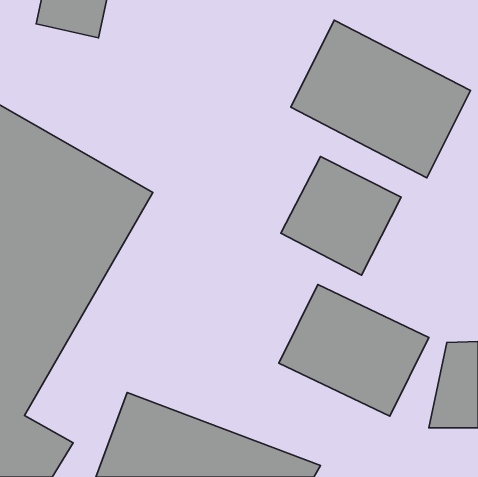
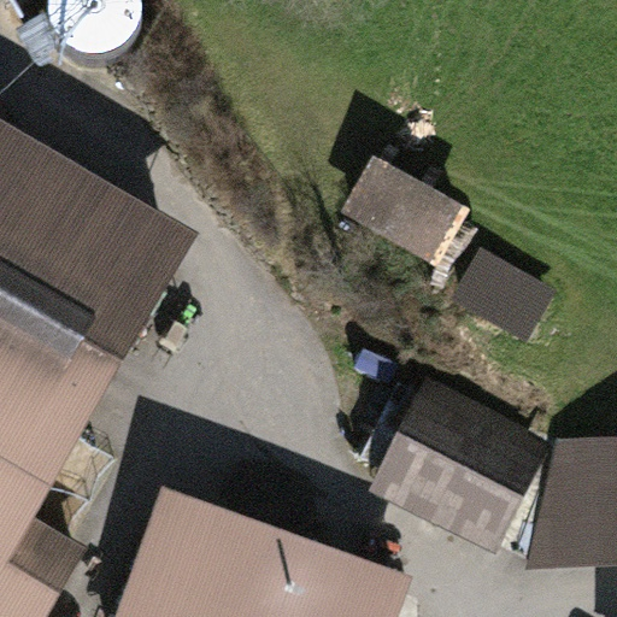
building: [291,20,470,178] -> none

